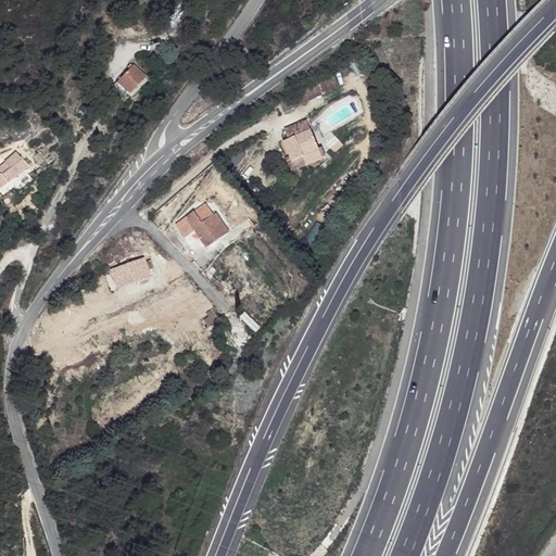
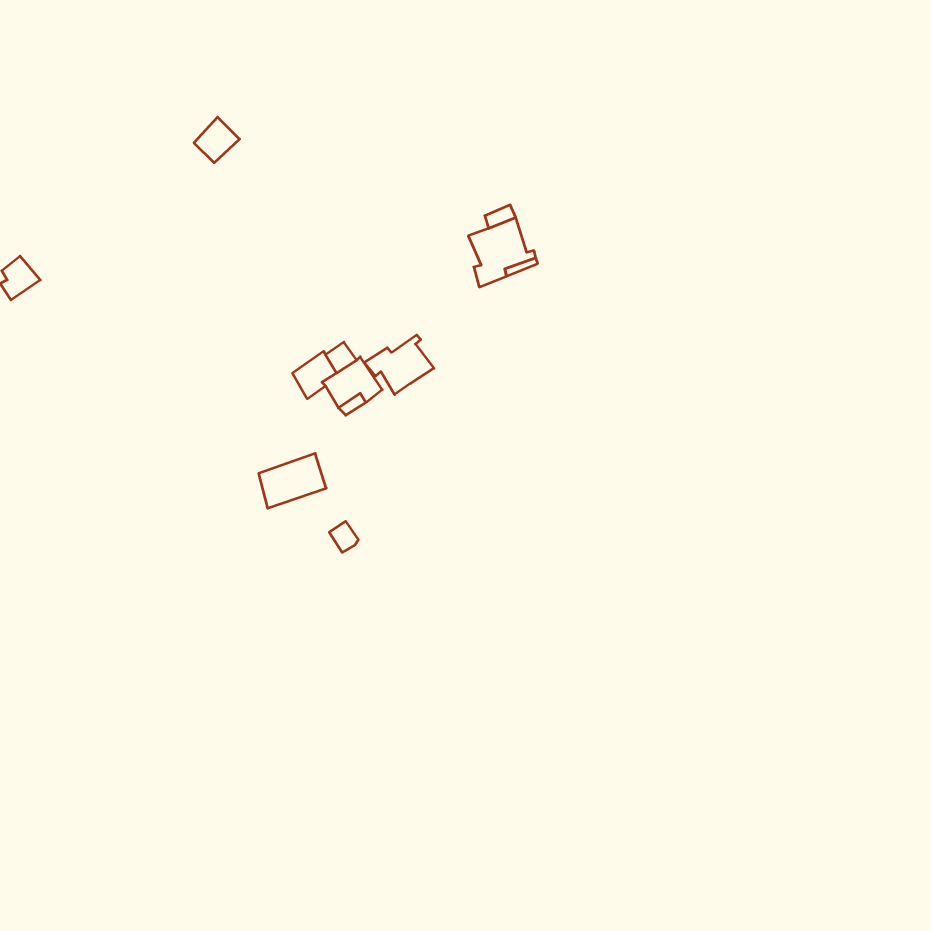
building: none -> [364,335,434,395]
building: [111,254,151,287] -> [259,453,326,508]

